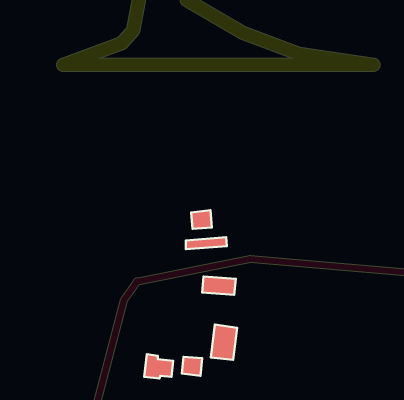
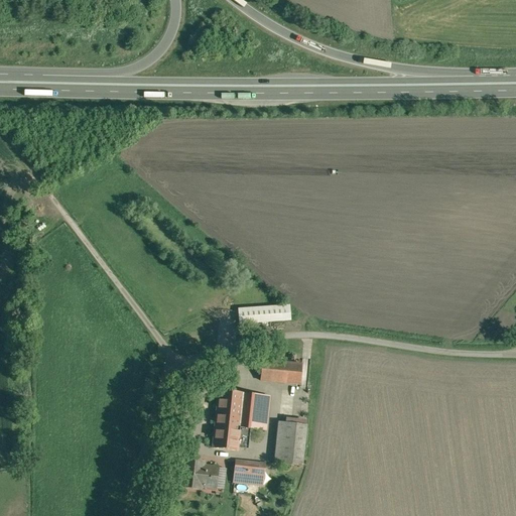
building: [191,210,212,229] -> none
building: none -> [214,389,267,448]

